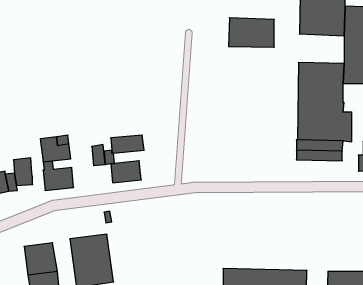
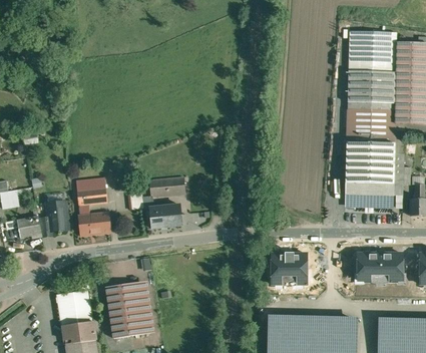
building: [229,18,274,47] -> [348,71,396,102]
building: none -> [271,254,306,282]
building: none -> [359,255,402,282]

